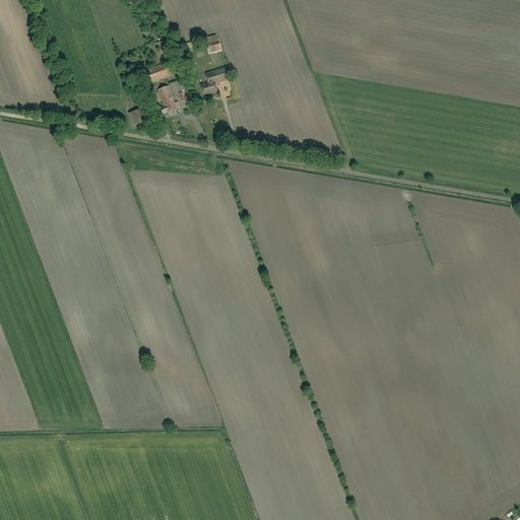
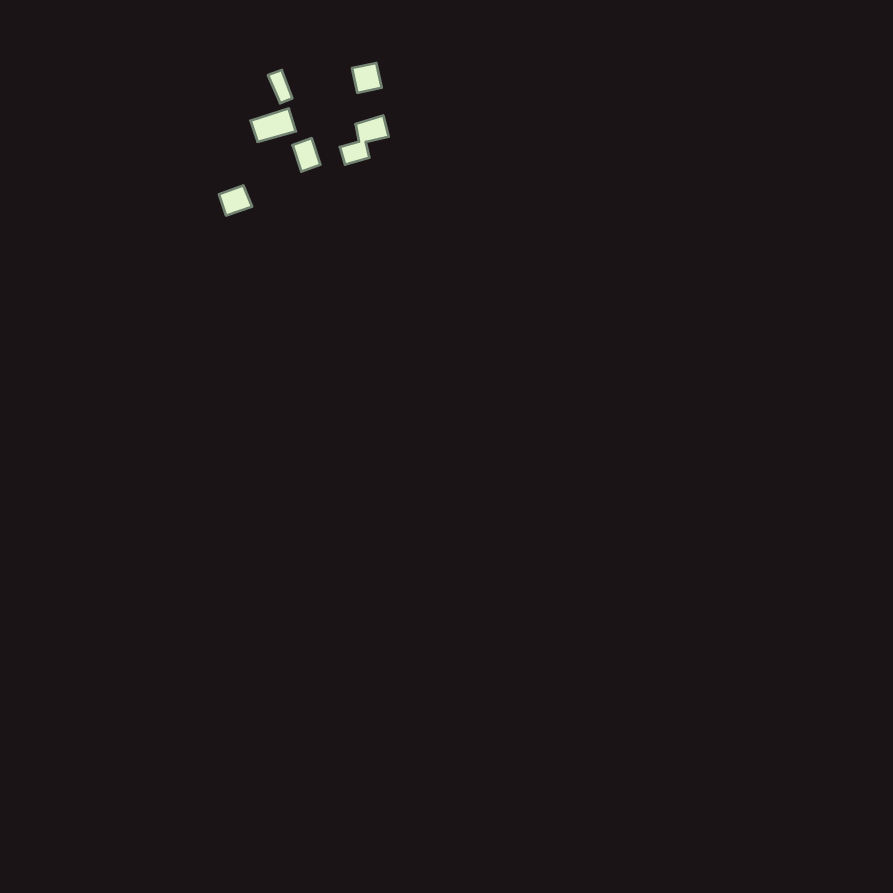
building: [155,86,179,115] -> none

